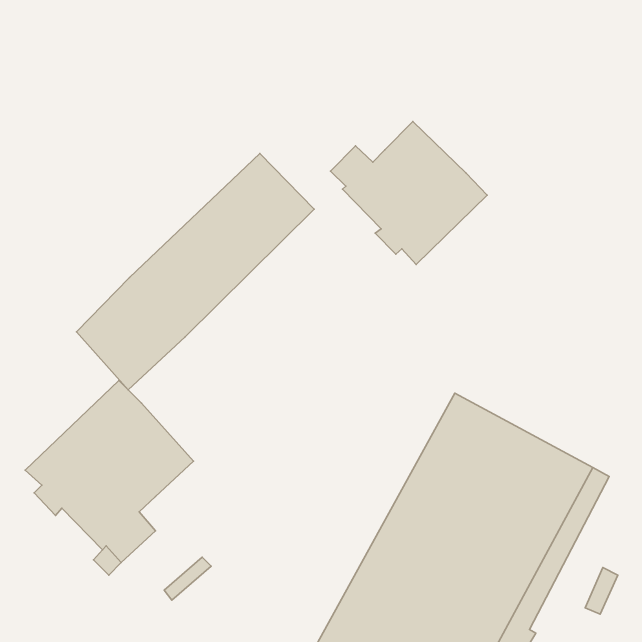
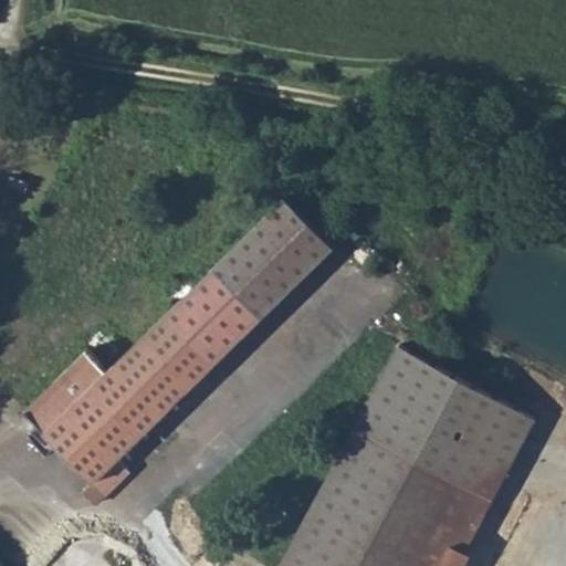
building: [331,122,487,265] -> none
building: [76,154,314,390] -> [124,200,332,407]

